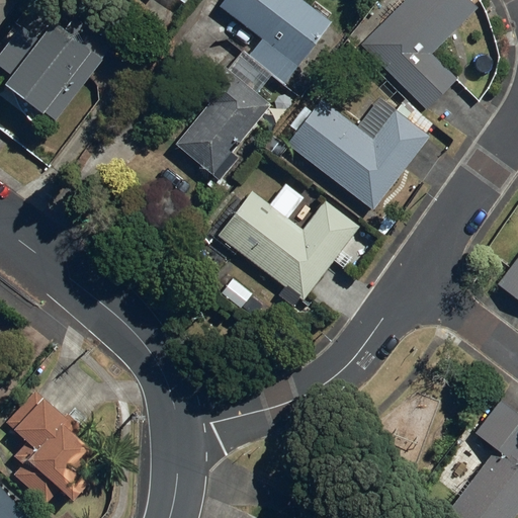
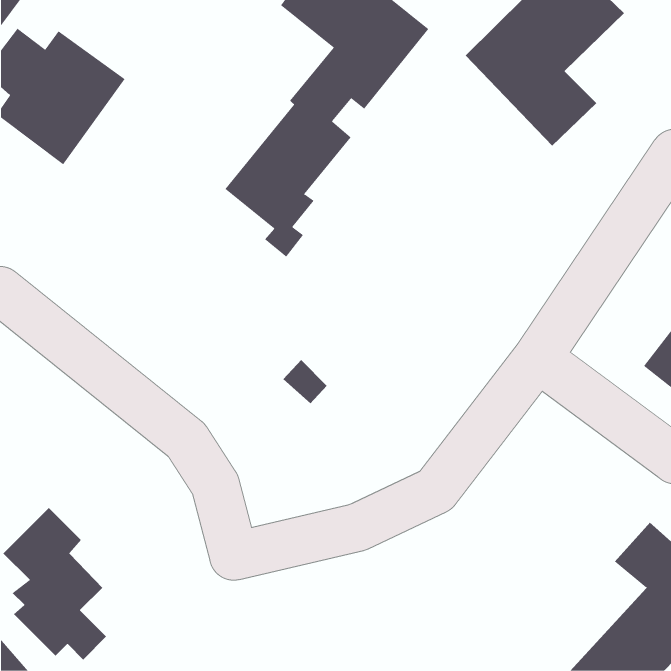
building: [287,95,430,208] -> none
building: [213,183,360,303] -> none

